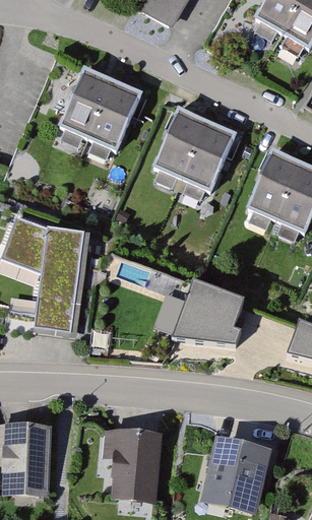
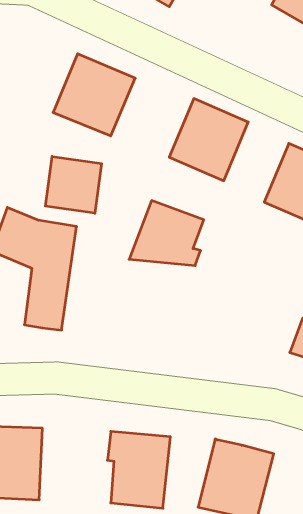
building: none -> [45,156,102,213]
building: [167,281,238,343] -> [129,201,204,266]

